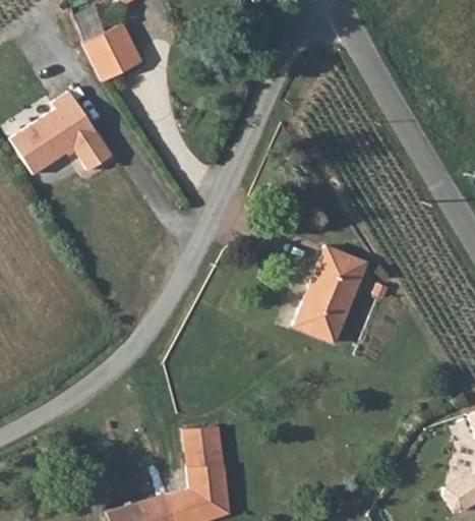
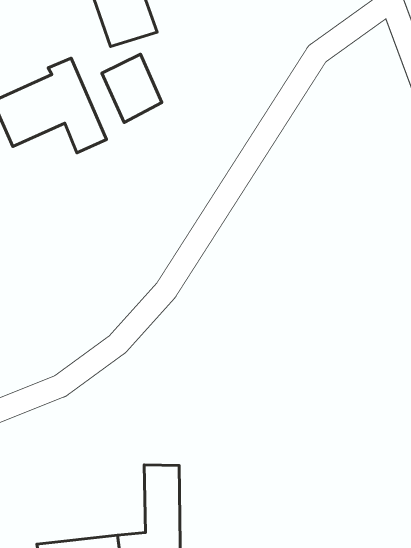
building: none -> [102,54,162,123]
building: [291,243,362,341] -> none

